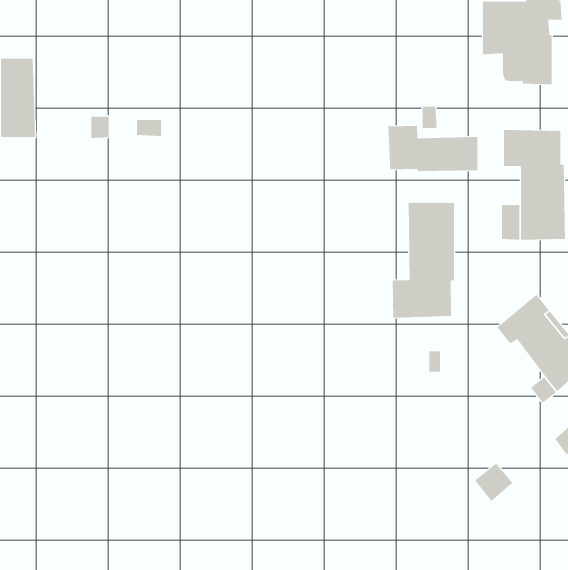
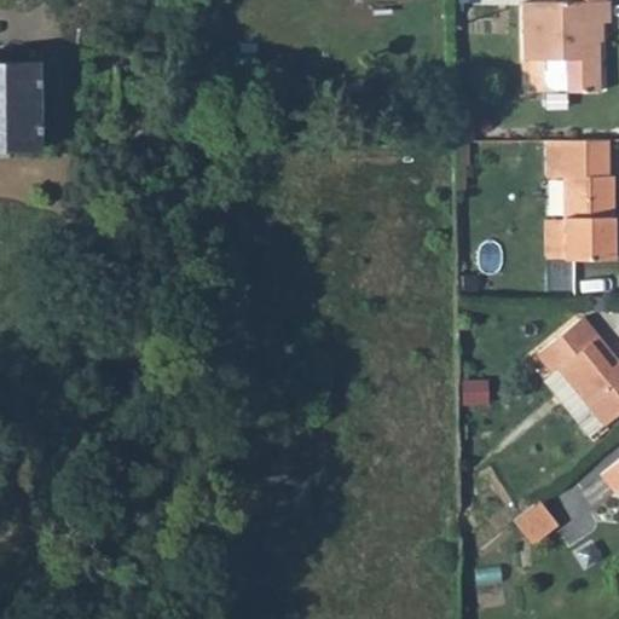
building: [388,125,478,172] -> none
building: [392,202,454,319] -> none

